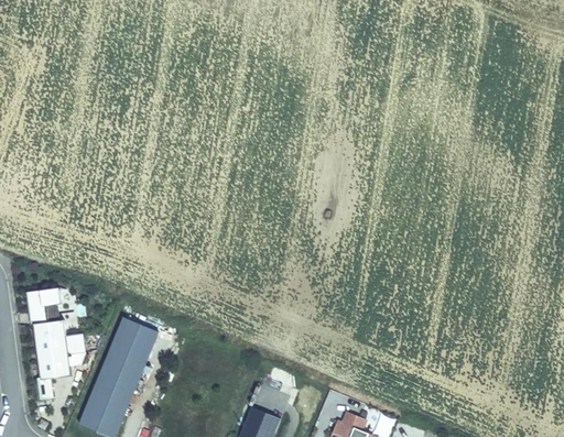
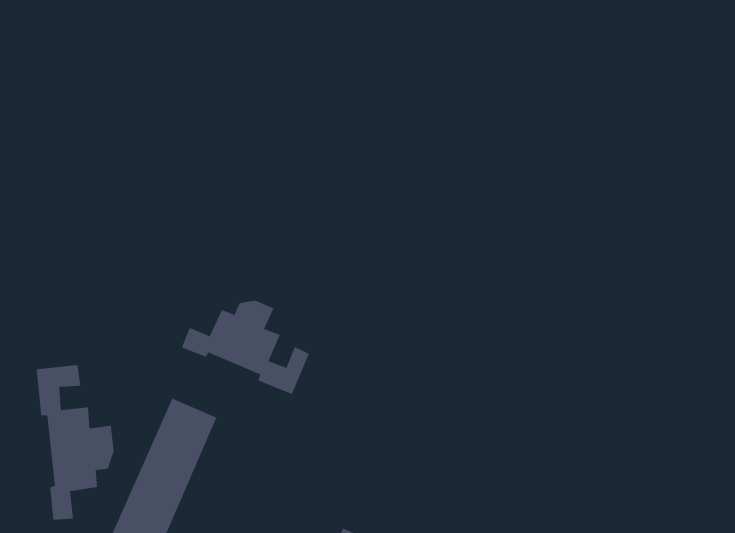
building: none -> [181,300,310,395]

